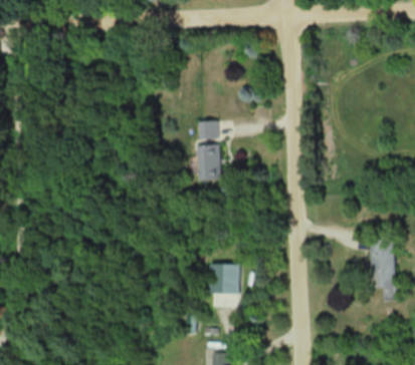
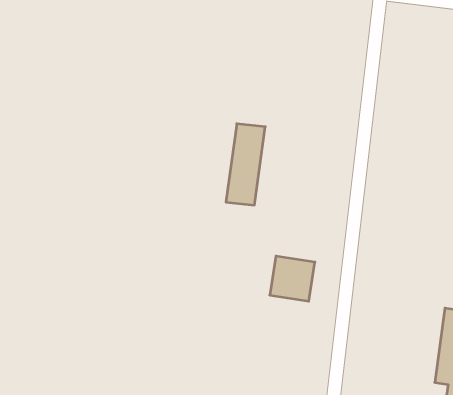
building: [210,264,239,293] -> [270,256,315,301]

